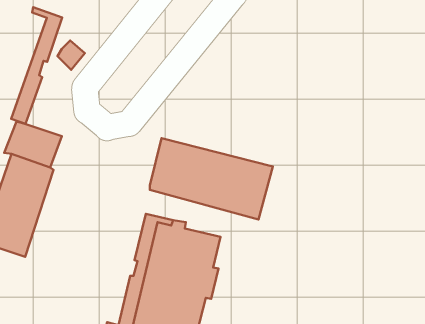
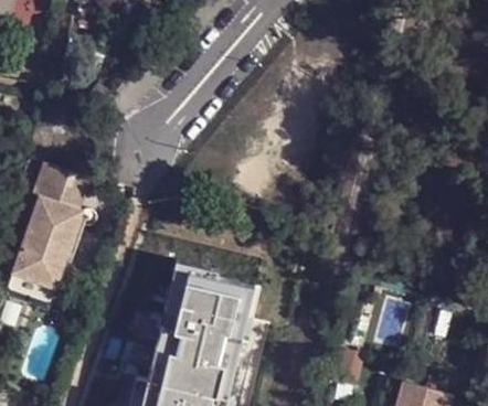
building: [11,7,62,124] -> none
building: [150,138,273,220] -> none

